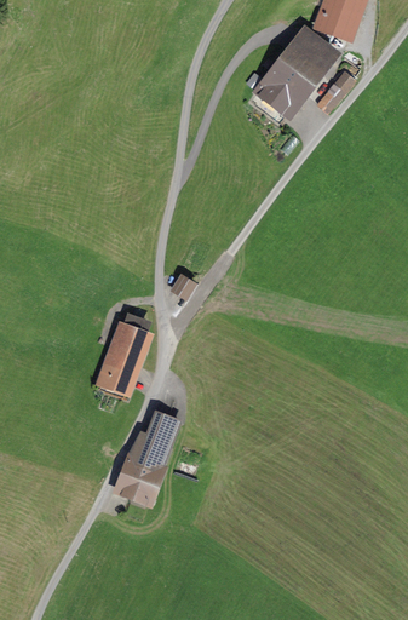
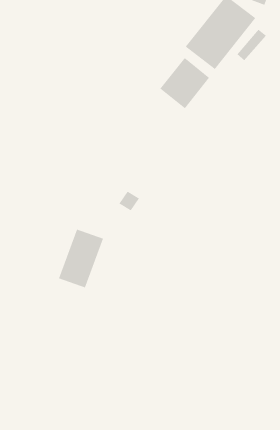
building: none -> [160,57,210,109]
building: [111,408,179,507] -> none

